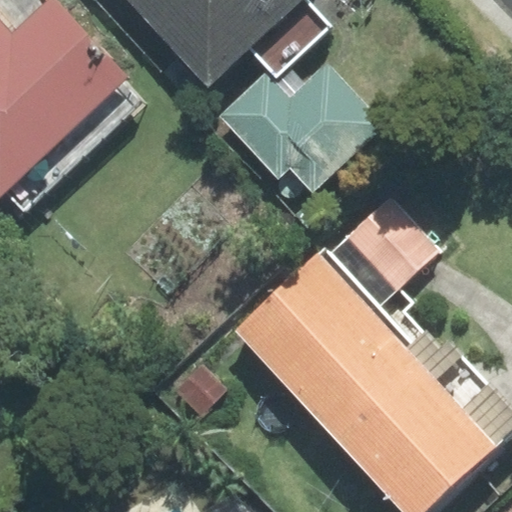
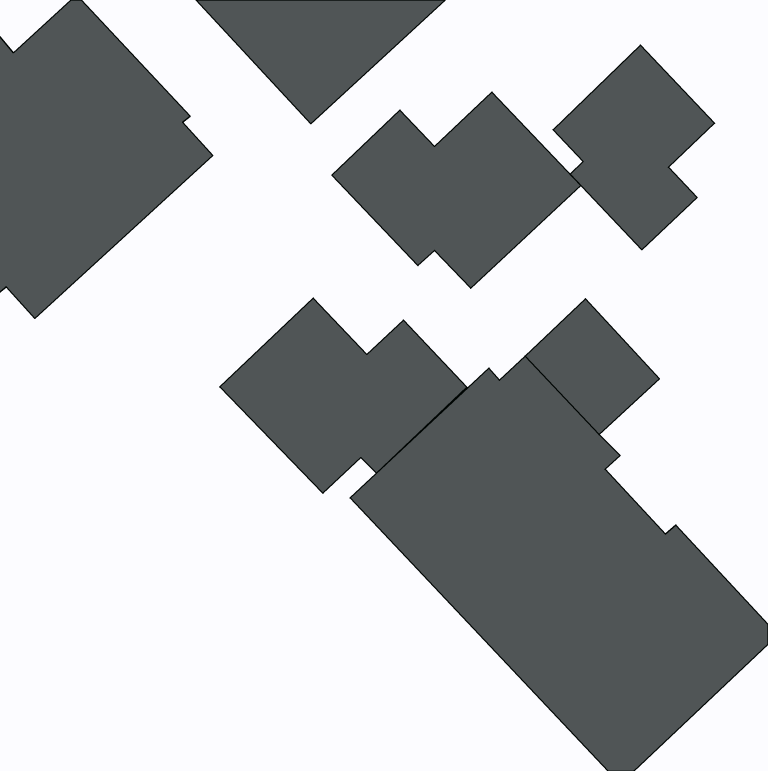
building: none -> [553,45,715,250]
building: none -> [220,298,467,493]

